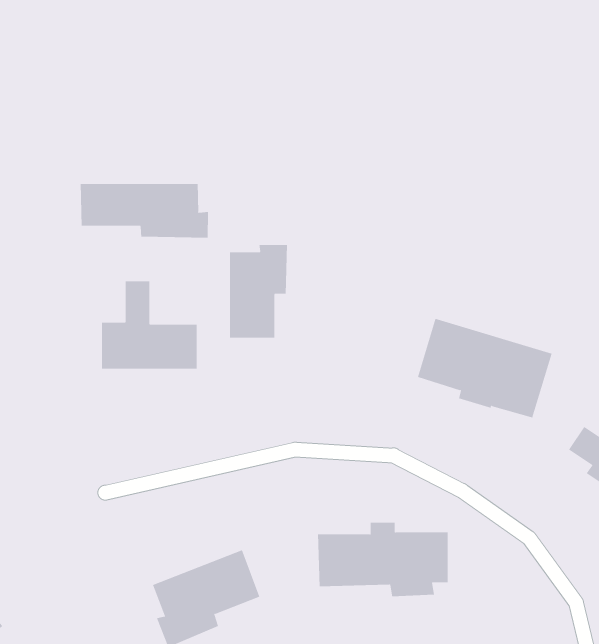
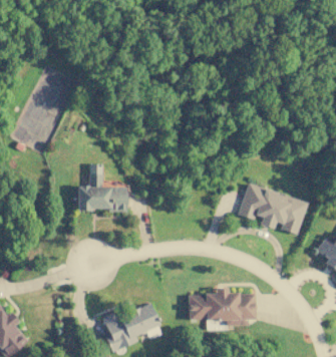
building: [80,183,209,238] -> none
building: [229,244,288,339] -> none

